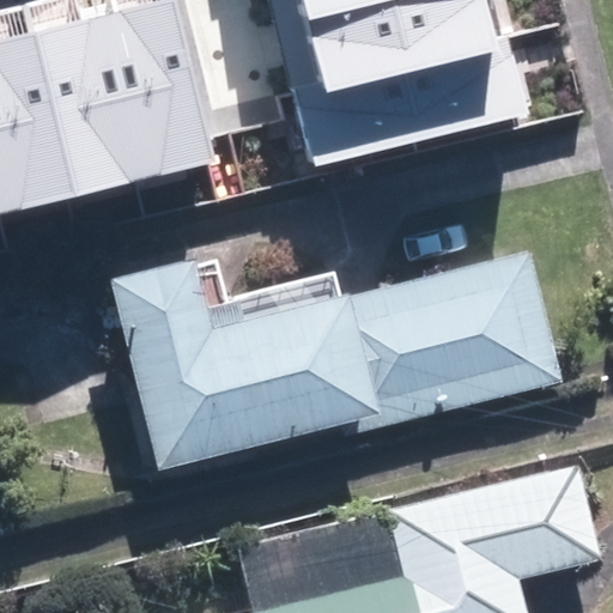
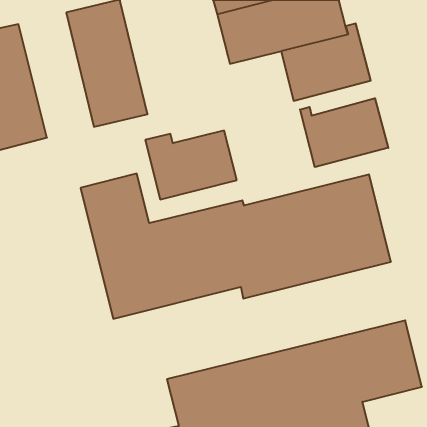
building: [26,20,134,199] -> none
building: [289,75,419,174] -> [145,131,237,199]
building: none -> [300,98,388,167]

